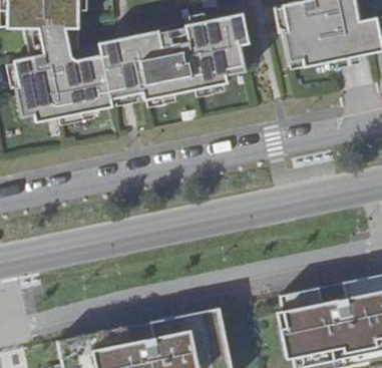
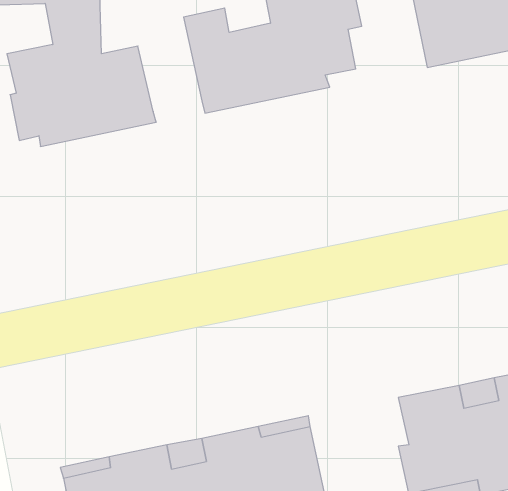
building: [104,39,148,101] -> none

